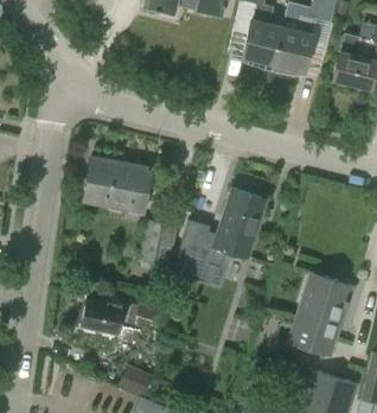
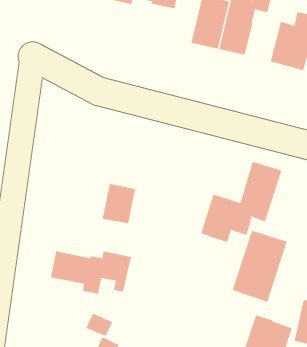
building: [83,157,152,214] -> none
building: [172,189,266,282] -> [201,161,282,243]

